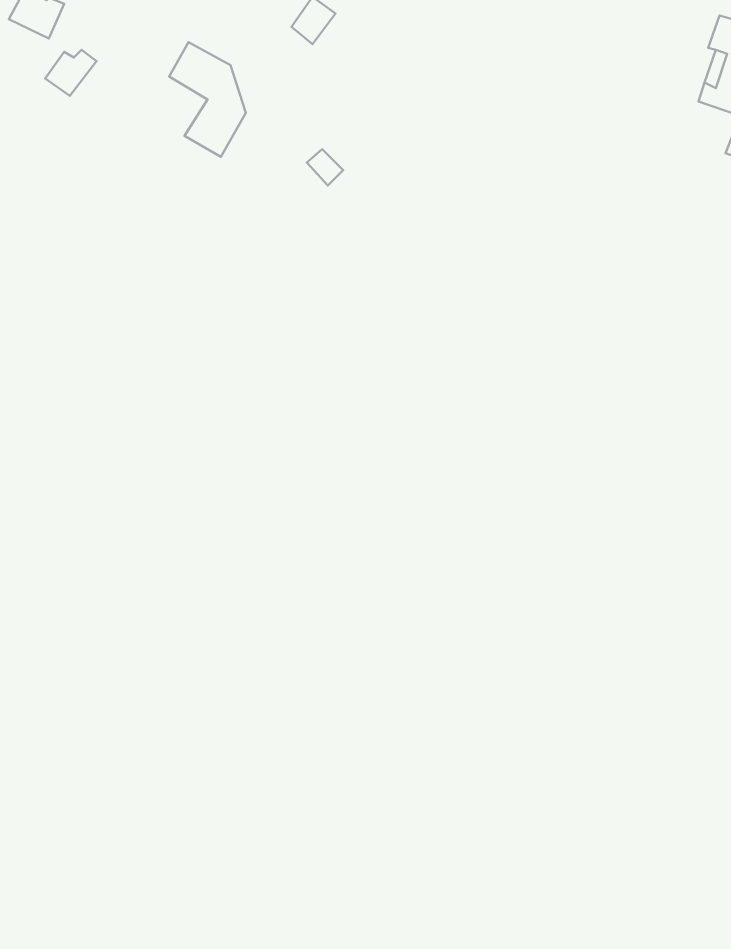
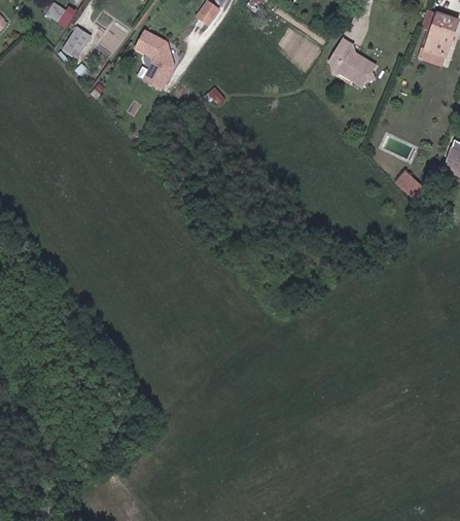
building: none -> [325,40,374,86]
building: none -> [393,168,422,196]

